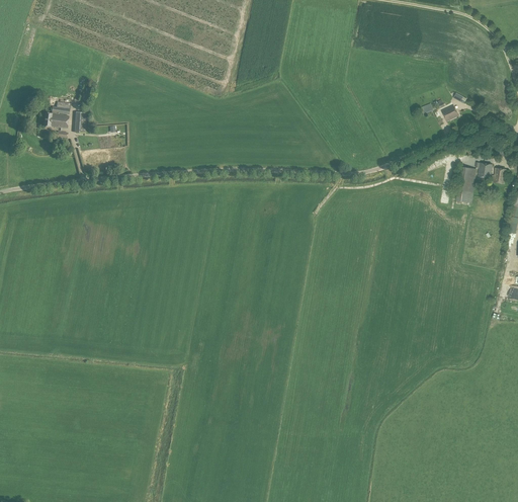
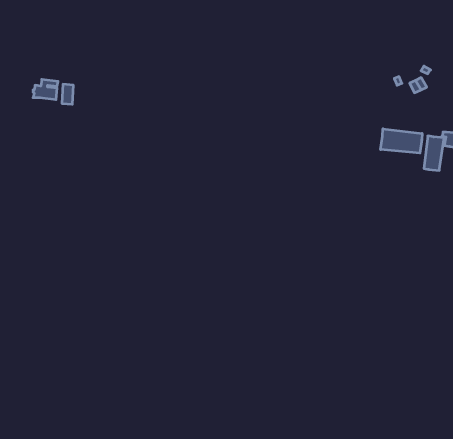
building: none -> [381,129,422,153]

